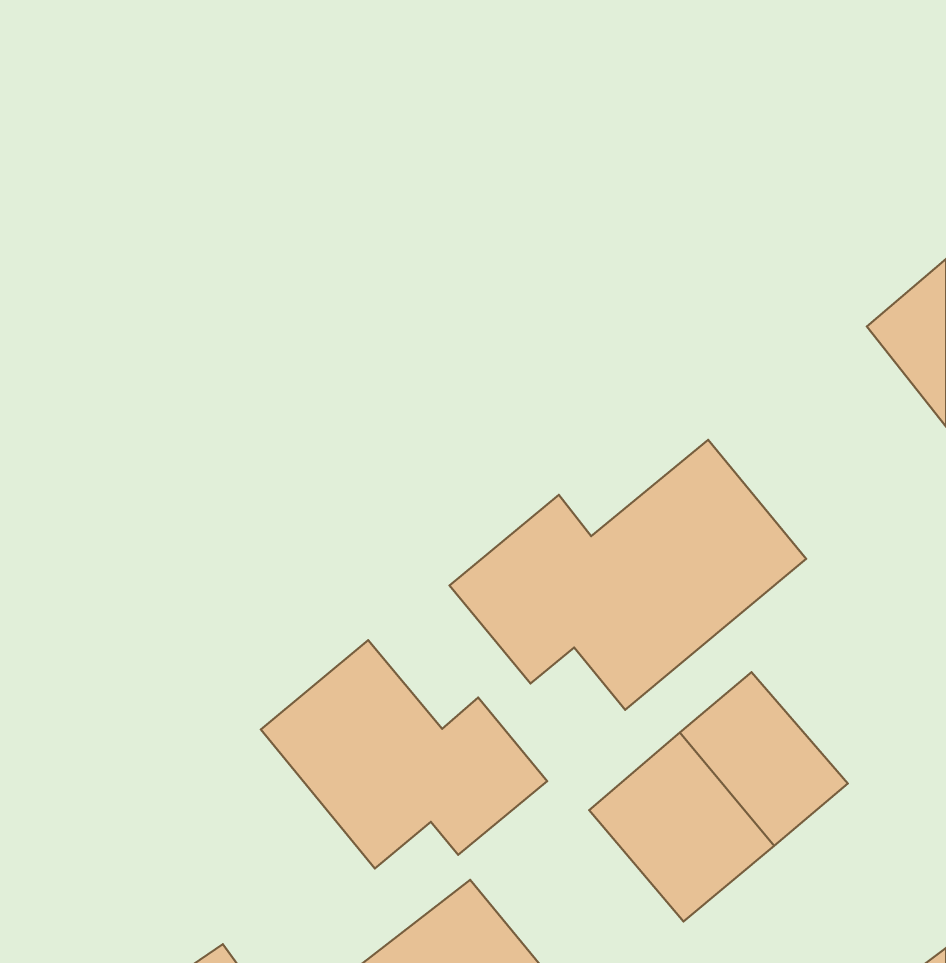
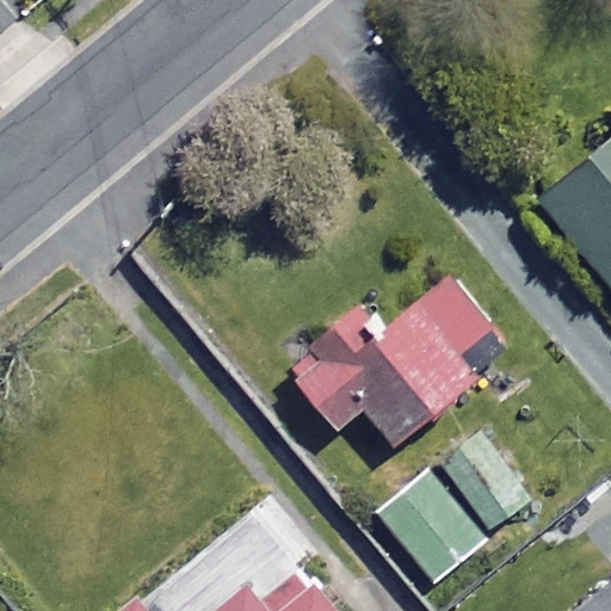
building: [261,640,547,868] -> none

